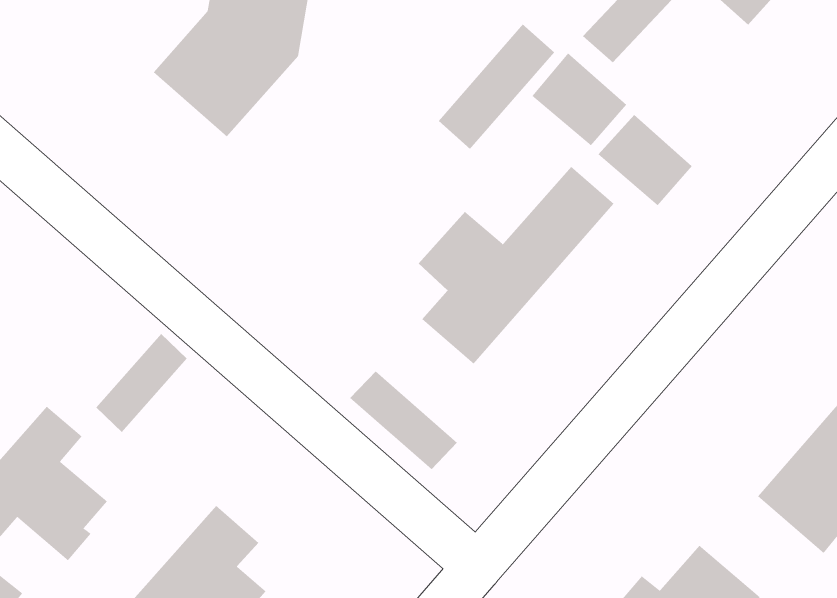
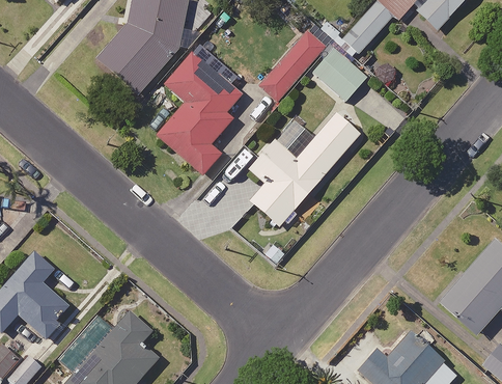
building: none -> [155,50,242,174]
building: [598,114,692,206] -> none
building: [96,333,187,433] -> none
building: [349,371,458,470] -> none

